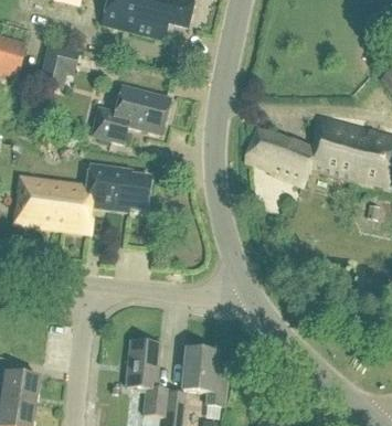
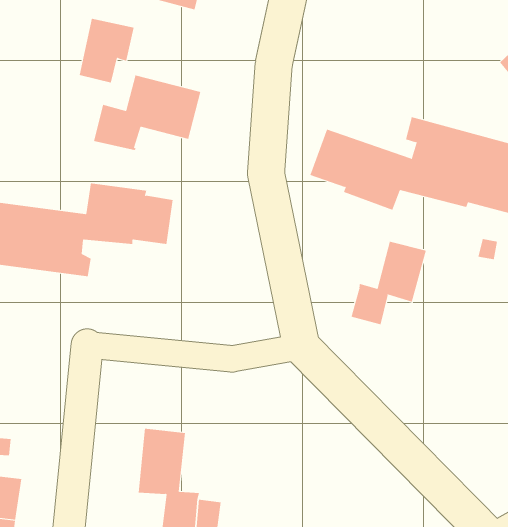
building: [39,43,78,89] -> [79,18,135,83]
building: none -> [351,241,426,325]
building: [180,348,226,405] -> none

